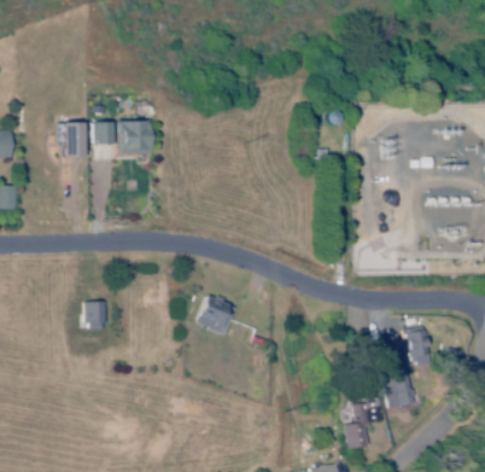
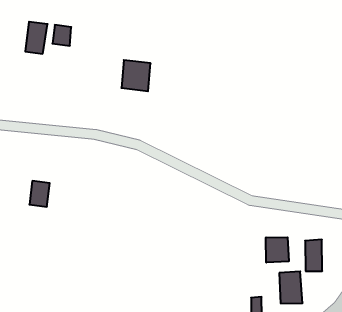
building: [115,118,147,151] -> [121,60,151,91]
building: [195,297,236,337] -> none
building: none -> [266,237,289,263]

